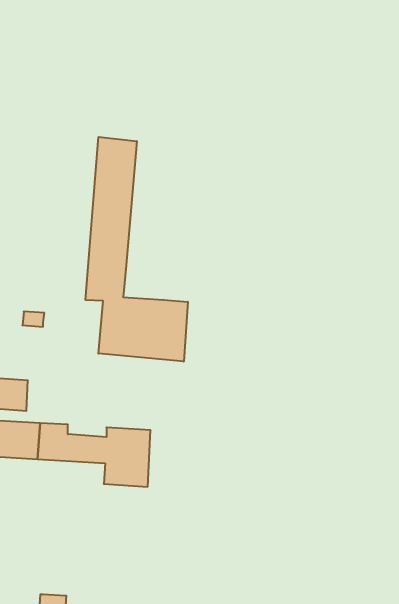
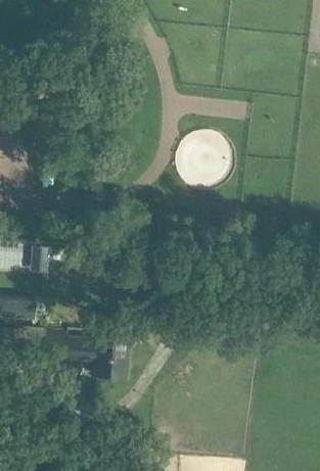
building: [86,137,188,362] -> none

